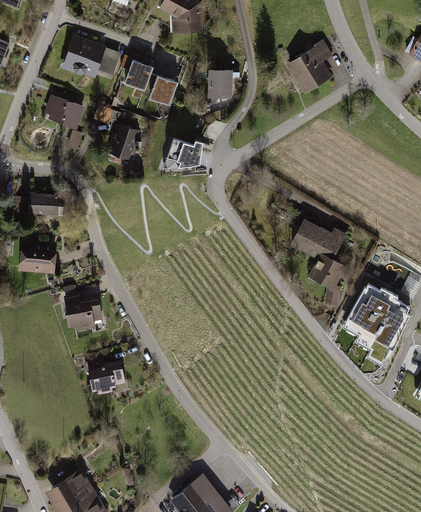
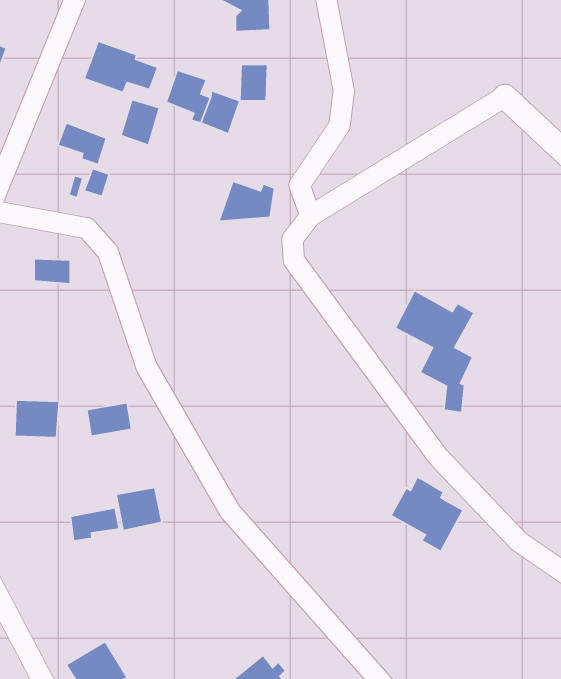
building: [289,43,332,92] -> none
building: [210,71,230,97] -> [240,65,267,101]
building: [109,125,137,158] -> [121,100,160,145]
building: [22,244,54,271] -> [15,400,59,438]
building: [352,292,404,346] -> [391,477,463,552]
building: none -> [71,508,119,541]

